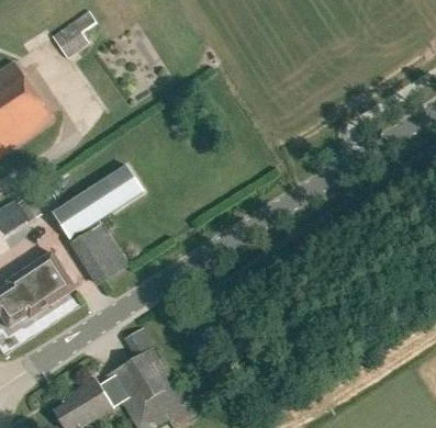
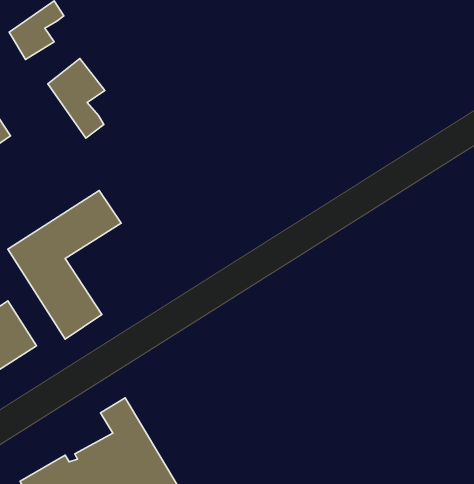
building: none -> [48,59,105,138]

